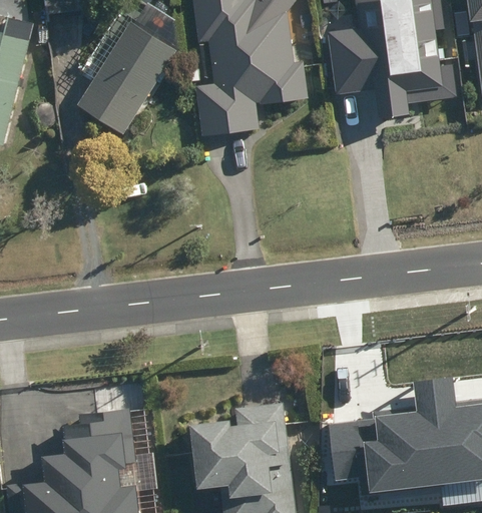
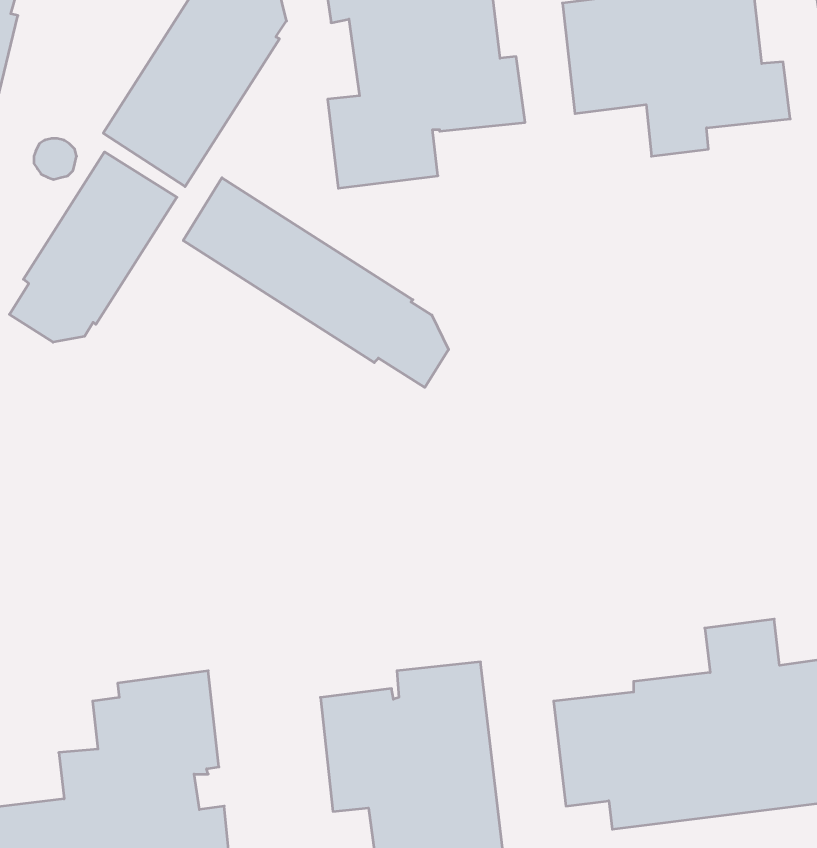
building: none -> [9,152,177,342]
building: none -> [183,178,449,387]

